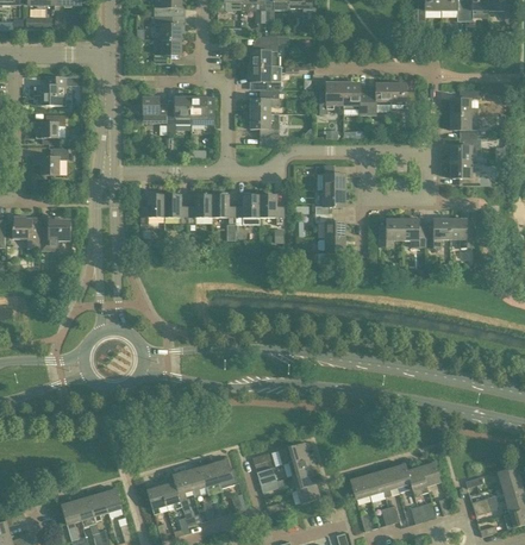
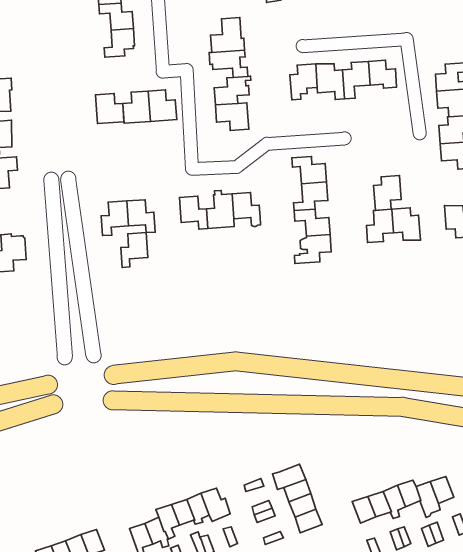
building: [188,194,212,224] -> [121,233,148,267]
building: [426,218,450,248] -> [374,176,401,210]

